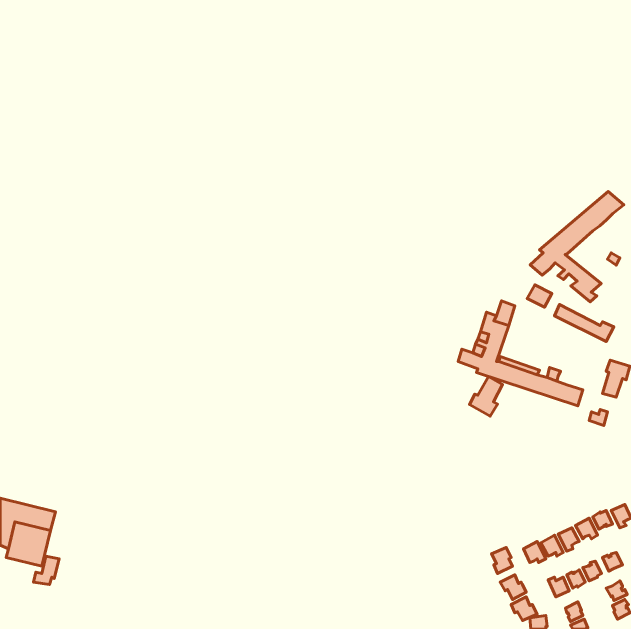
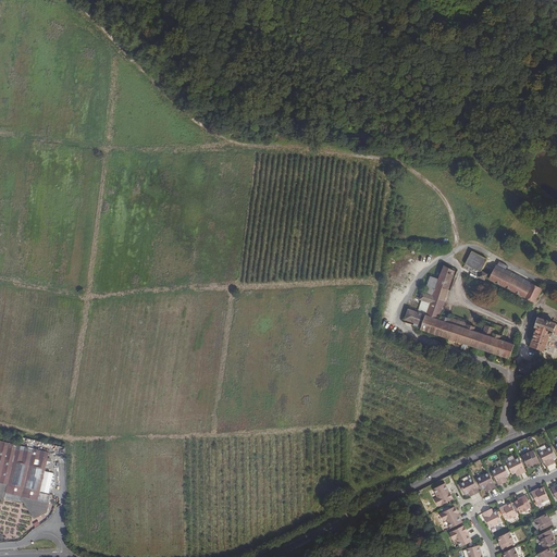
building: [530,192,624,302] -> none
building: [470,376,502,416] -> none

